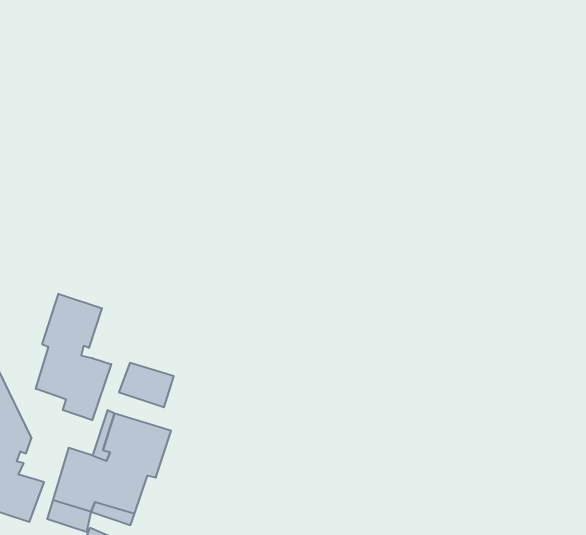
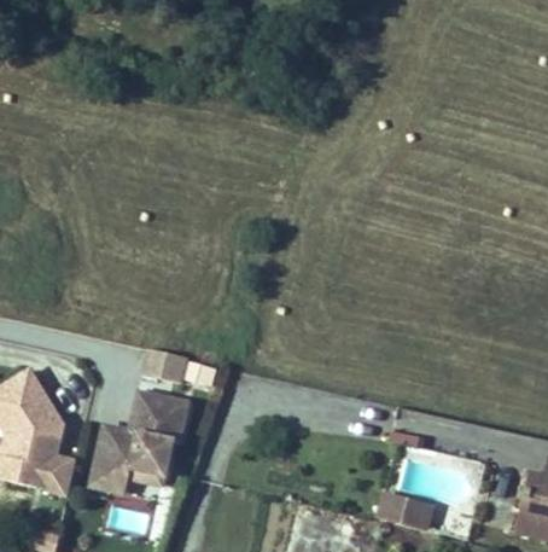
building: [36,294,111,420] -> none

